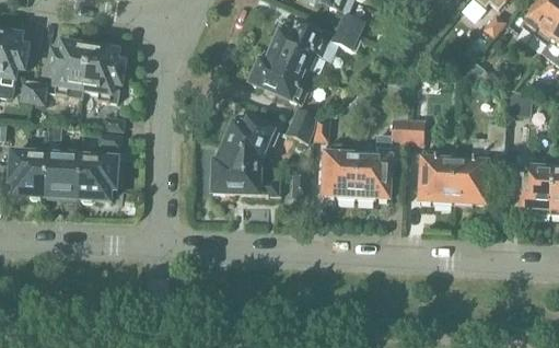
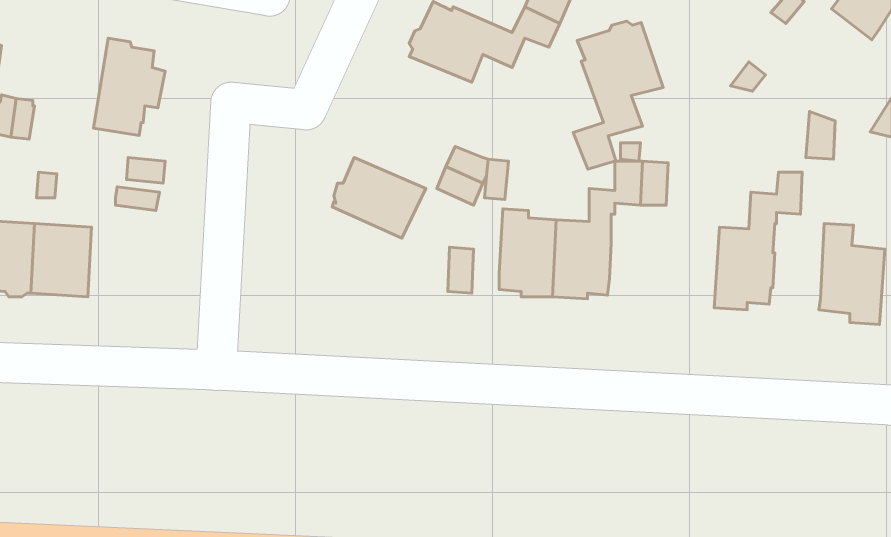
building: none -> [573,21,663,169]
building: [48,42,90,97] -> none
building: [249,51,306,104] -> none
building: [212,144,280,196] -> none
building: [419,151,454,205] -> none
building: [78,156,116,202] -> none

